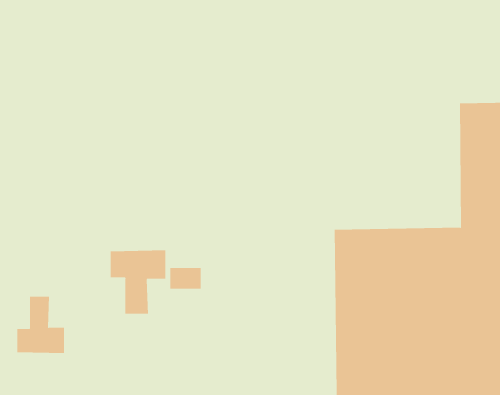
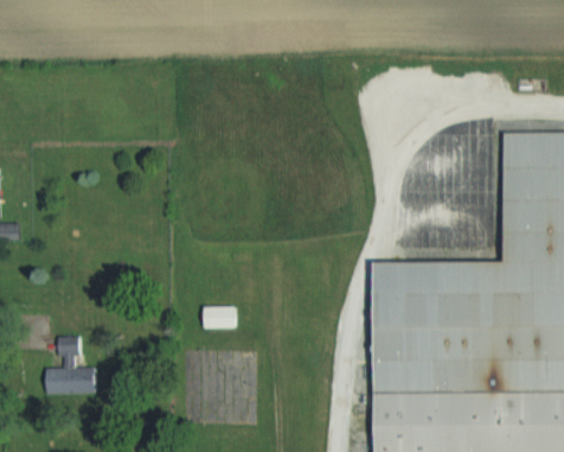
building: [110,250,166,315] -> none

